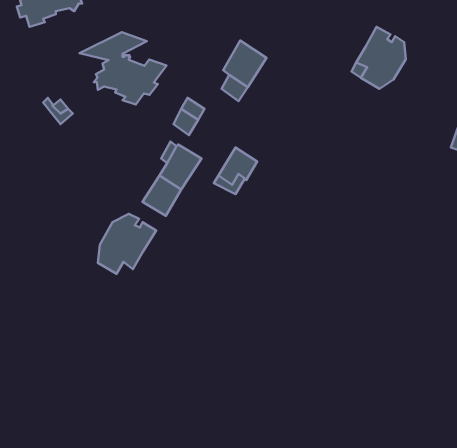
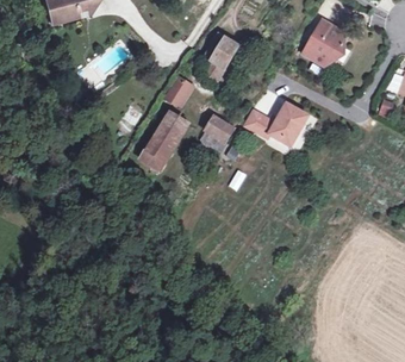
building: [80,32,166,104] -> none
building: none -> [245,106,309,148]
building: [98,214,156,274] -> none

